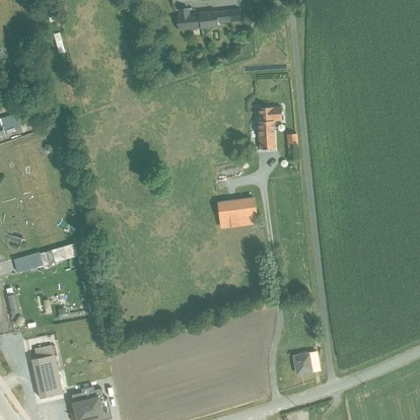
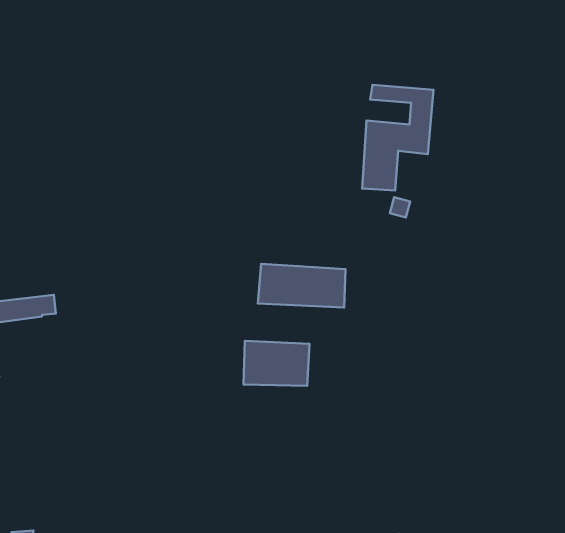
building: none -> [244,341,310,386]

